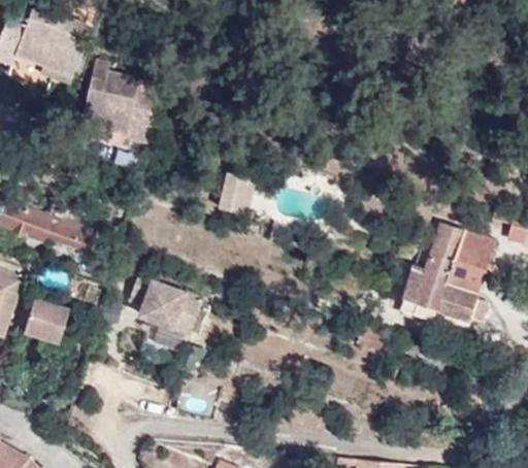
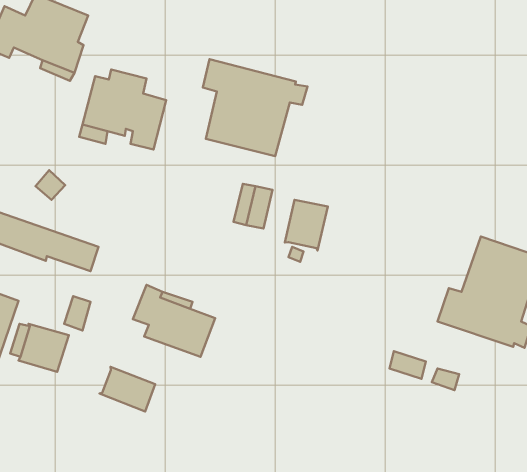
building: none -> [203,59,307,156]
building: none -> [285,200,328,250]
building: none -> [100,367,155,412]

